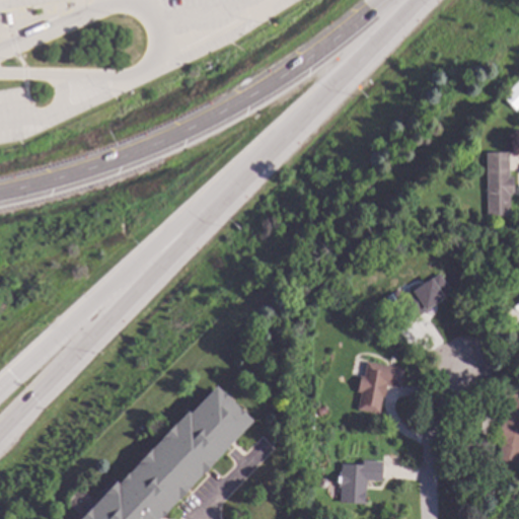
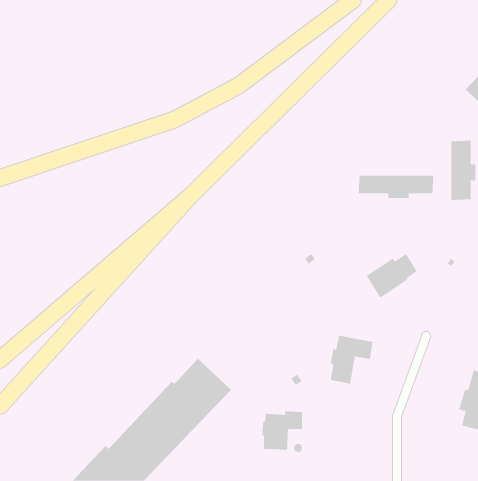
building: none -> [358,175,434,199]
building: [340,460,384,503] -> [261,411,303,450]

